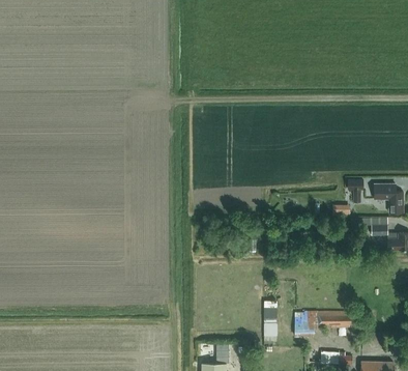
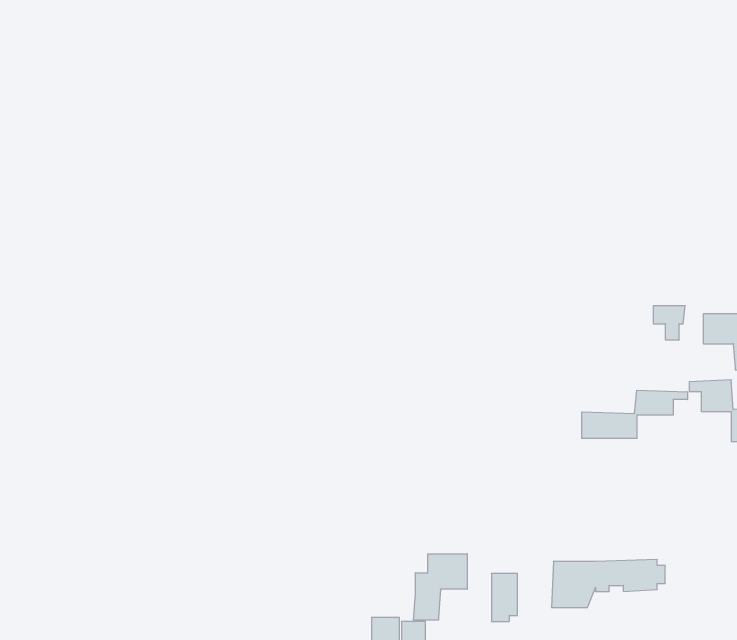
building: none -> [582,390,687,438]
building: none -> [414,554,467,620]

